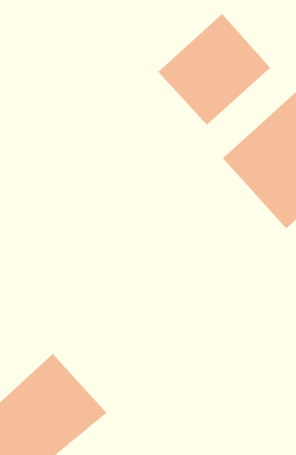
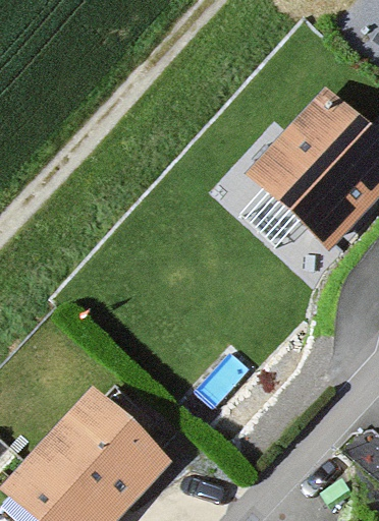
building: [158,13,271,126] -> none

